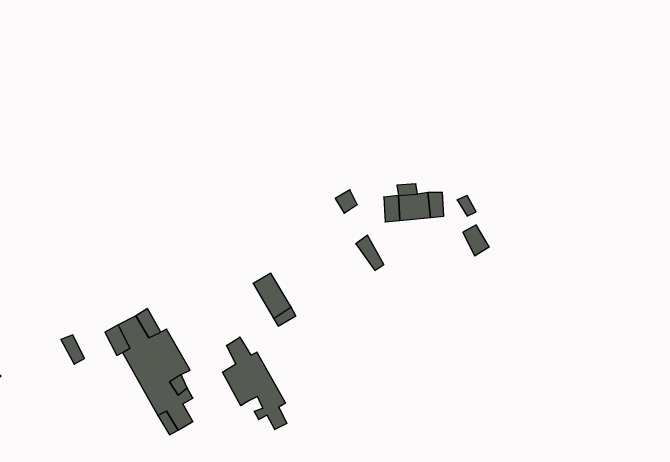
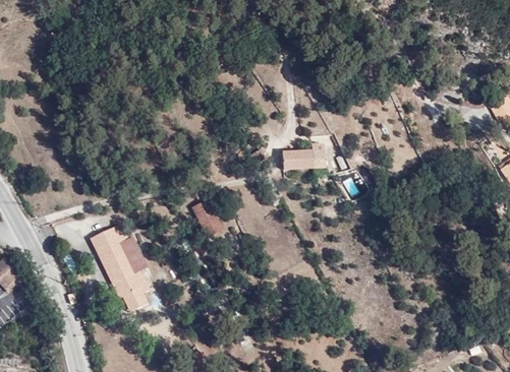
building: [223,337,287,430] -> none

